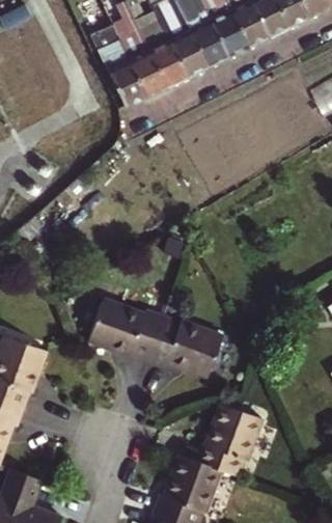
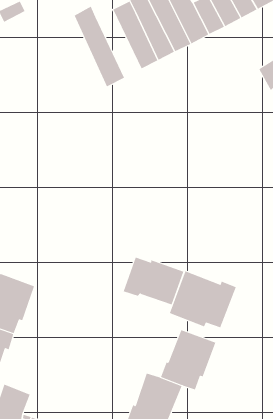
building: [118,18,172,100] -> none
building: [91,297,165,356] -> none
building: none -> [169,270,236,328]

